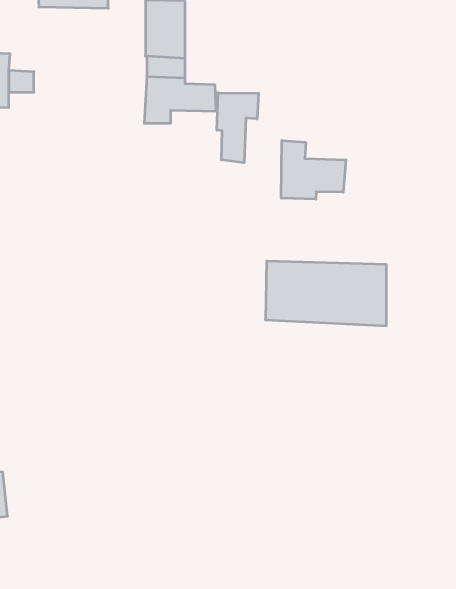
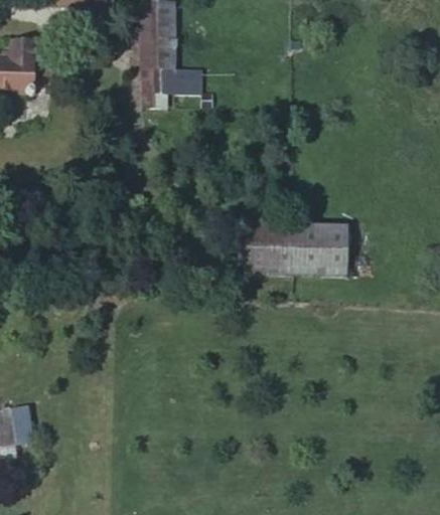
building: [217,93,259,163] -> none
building: [281,140,346,199] -> none

